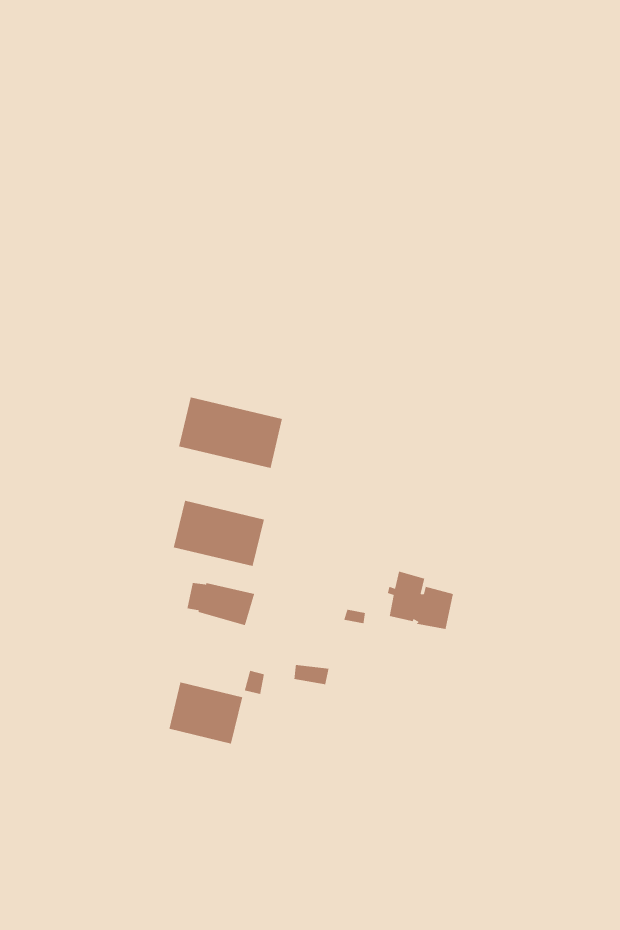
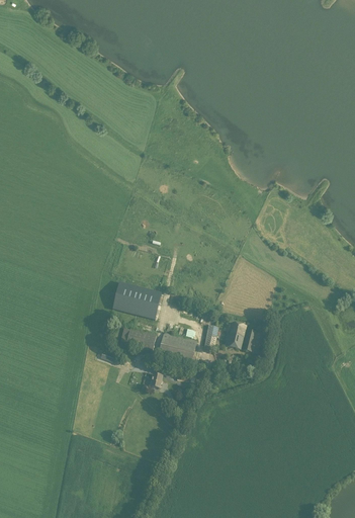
building: [178,396,283,469] -> none
building: [168,681,243,744] -> [157,331,196,364]

